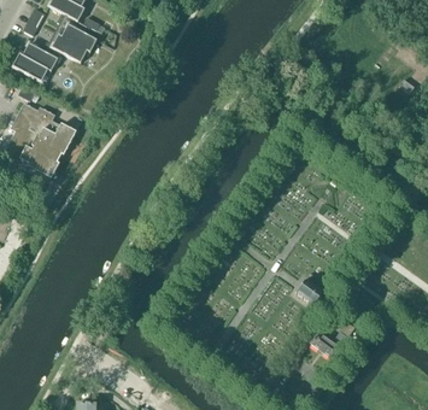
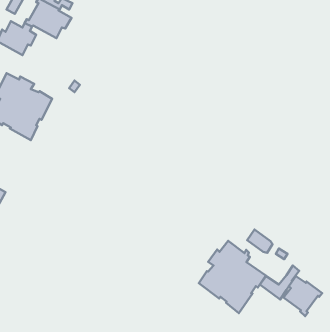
building: none -> [199,241,266,313]
building: none -> [284,276,322,316]

